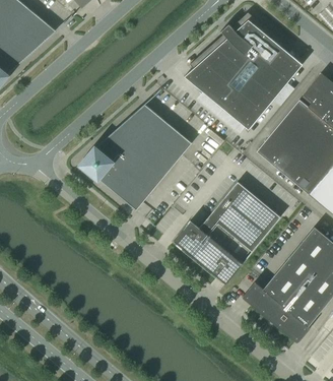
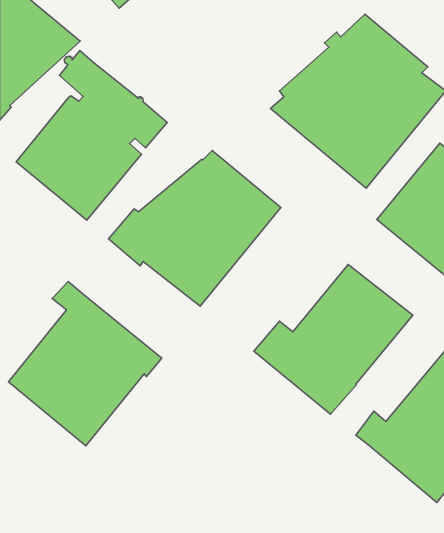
building: none -> [16,51,167,220]
building: none -> [9,281,162,446]

